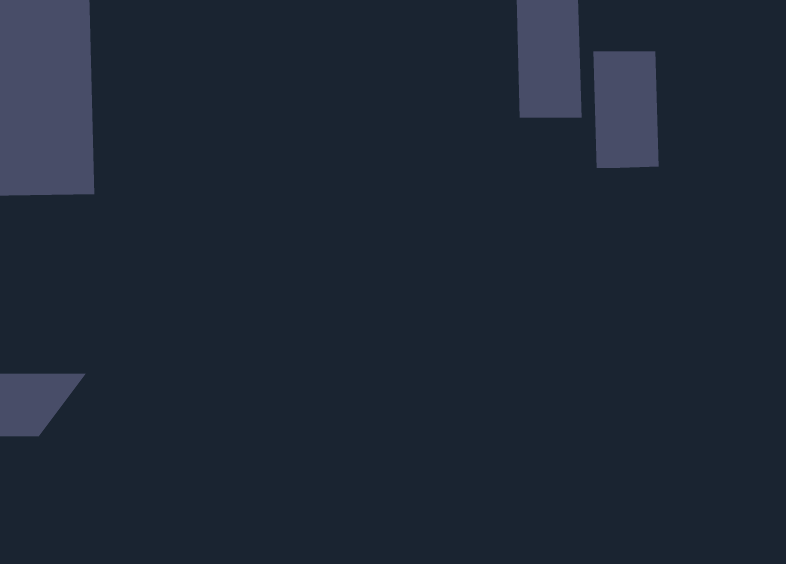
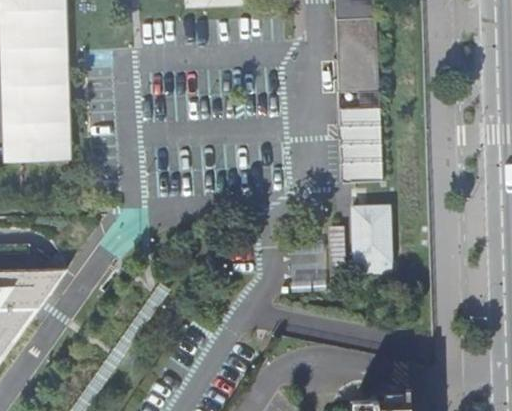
building: [593,51,659,169] -> [337,112,379,186]
building: none -> [348,210,387,280]

